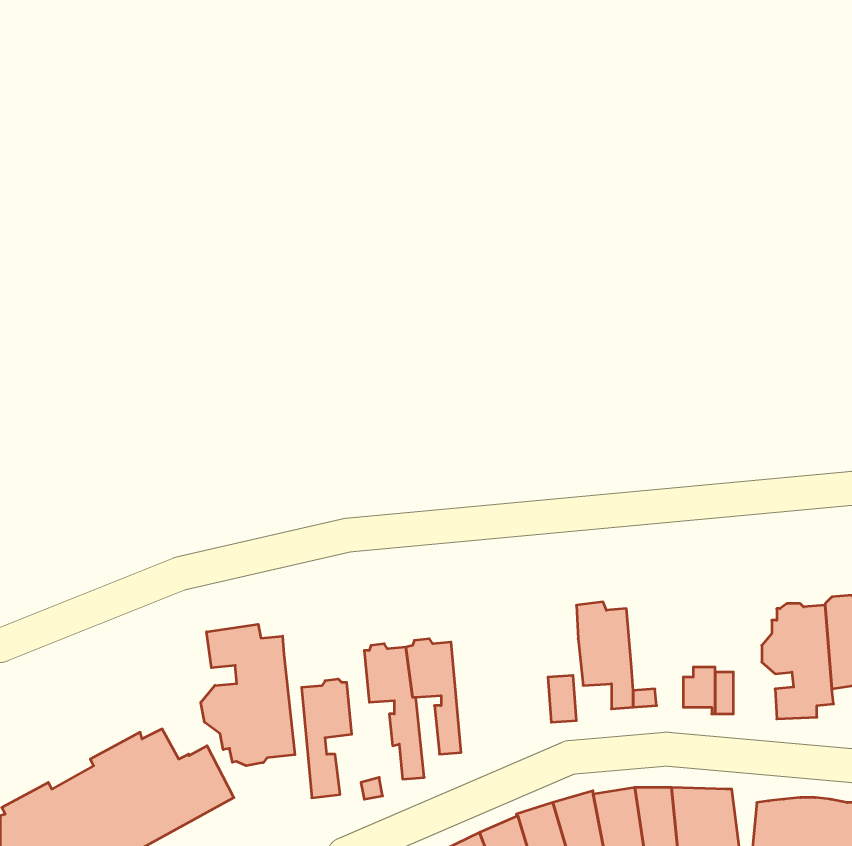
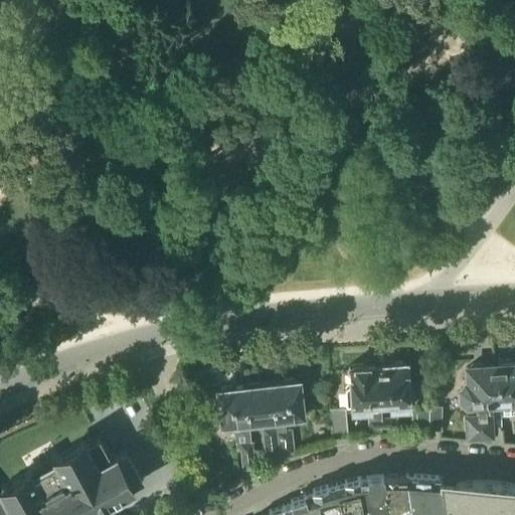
building: none -> [378,365,410,415]
building: [201,624,295,766] -> none
building: [302,679,352,798] -> [273,386,303,458]

